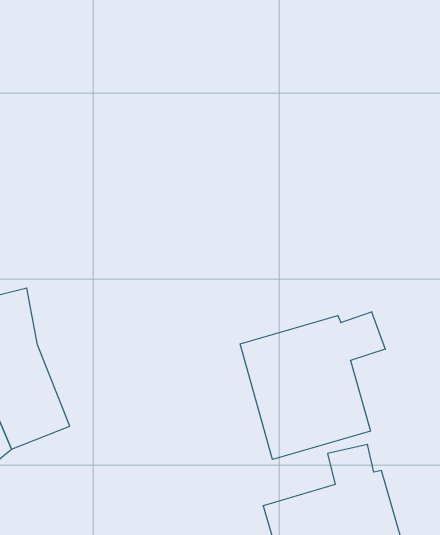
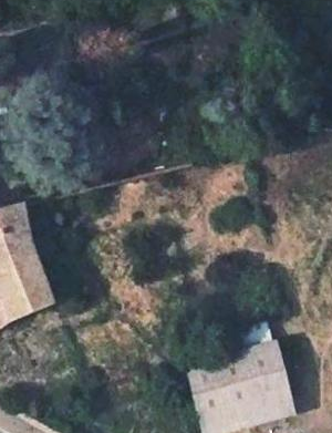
building: [240,312,385,459] -> none

